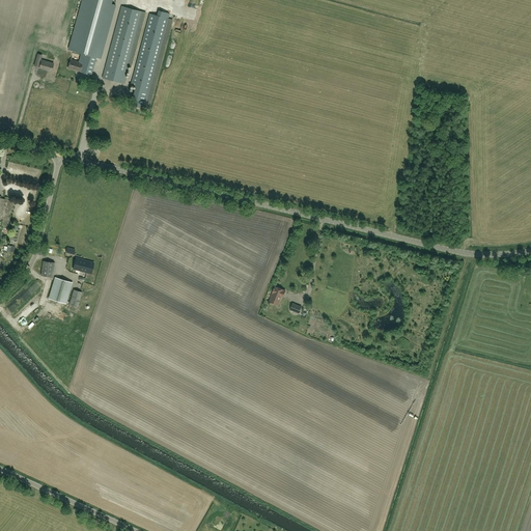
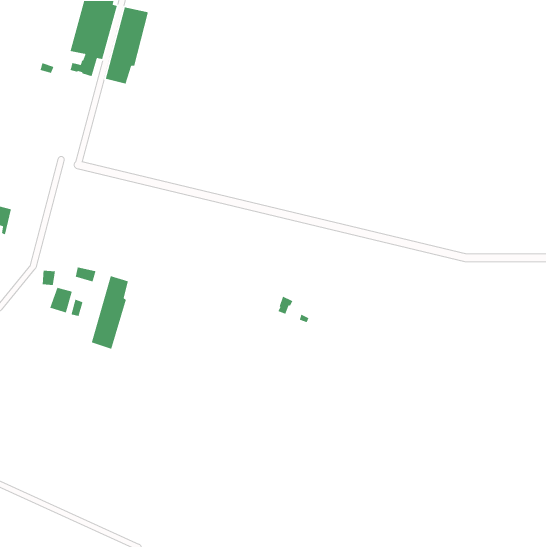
building: [130,13,172,108] -> none
building: none -> [91,275,129,350]

